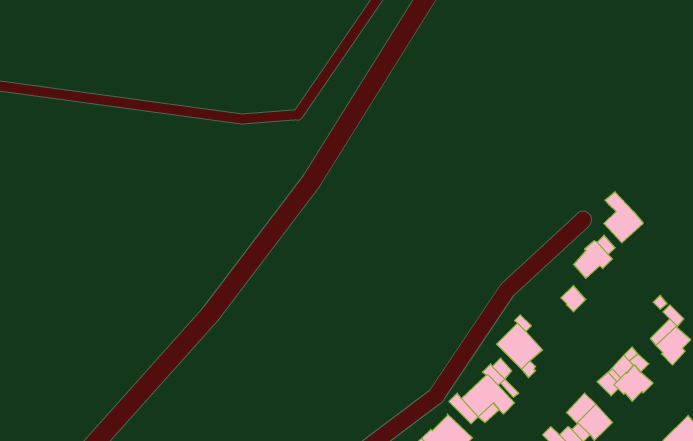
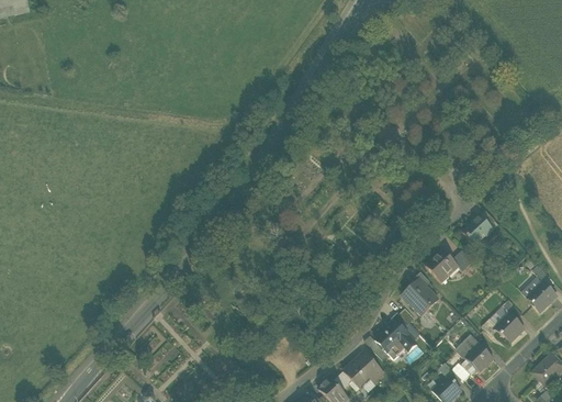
building: [604,192,643,243] -> none
building: none -> [426,252,457,284]

